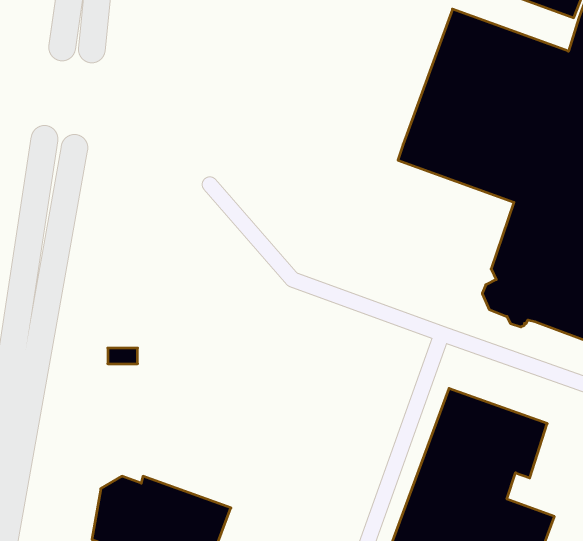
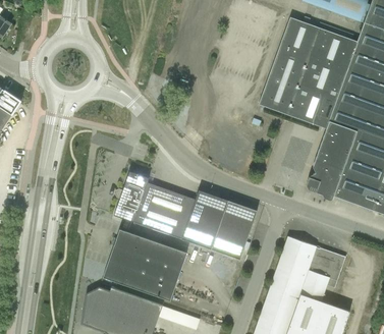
building: none -> [114,171,257,259]
building: none -> [103,229,187,300]

